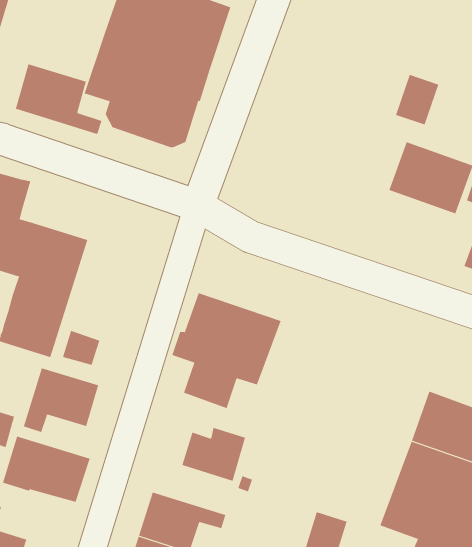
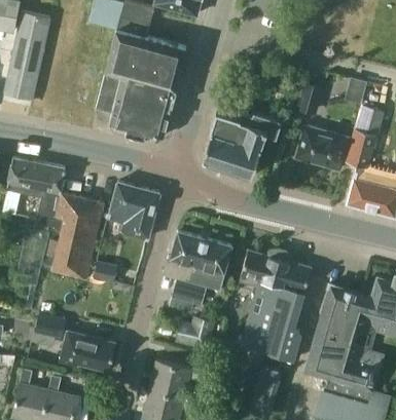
building: [15,64,102,135] -> none
building: none -> [202,104,281,176]
building: none -> [107,182,159,240]
building: none -> [239,250,311,361]
building: [23,368,99,433] -> none

